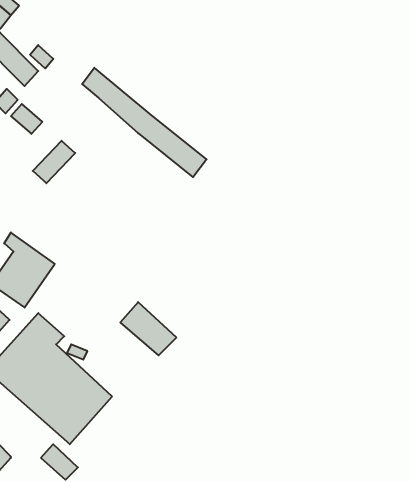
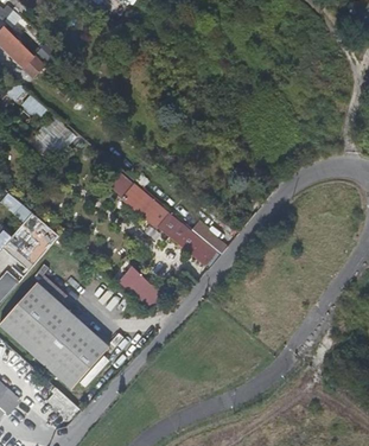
building: [82,68,207,177] -> [108,171,216,266]

